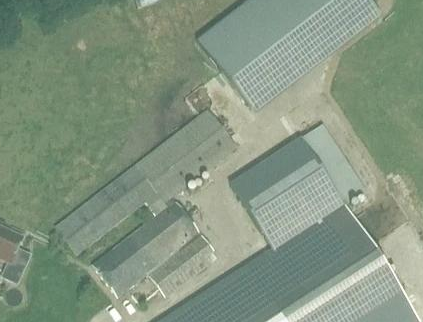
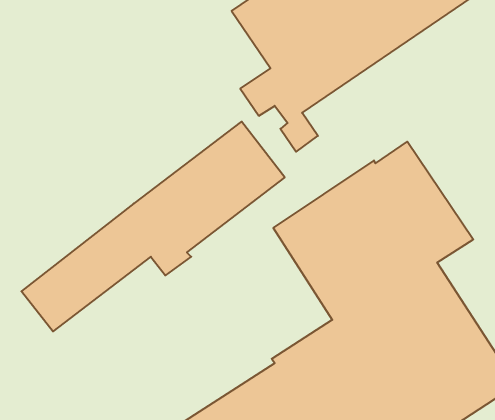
building: [93,204,215,297] -> none

